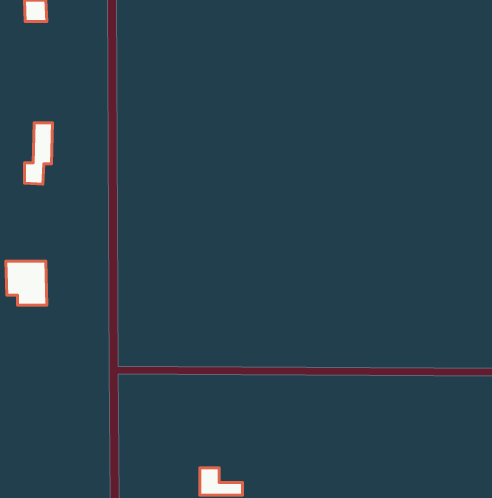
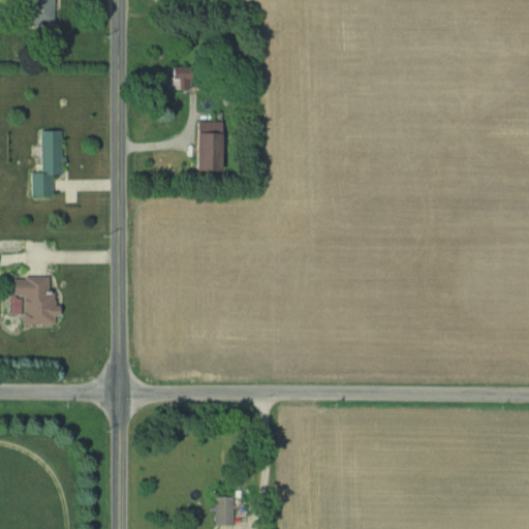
building: none -> [172,66,193,89]
building: none -> [195,122,224,170]

